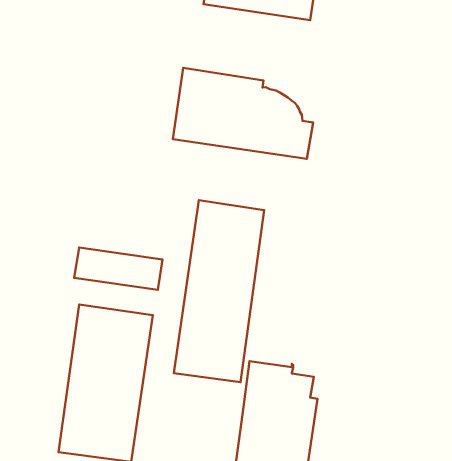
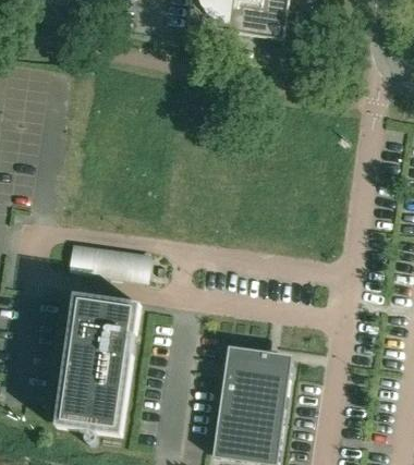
building: [173,68,313,159] -> none
building: [174,200,264,382] -> none

